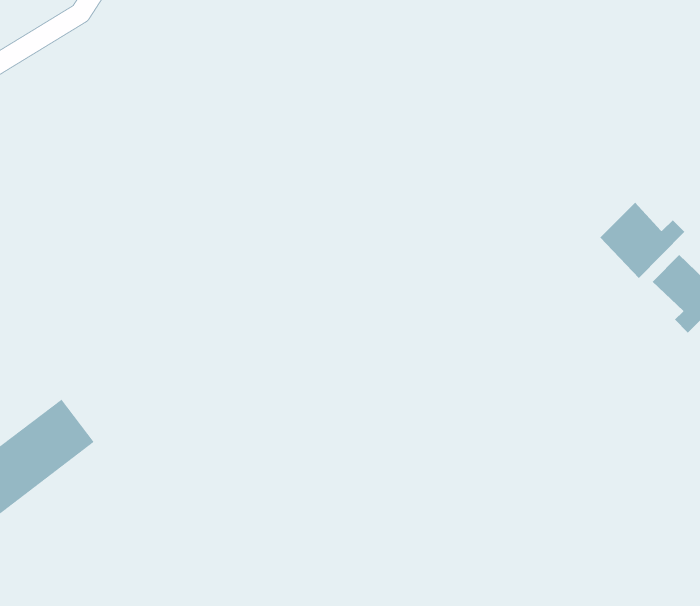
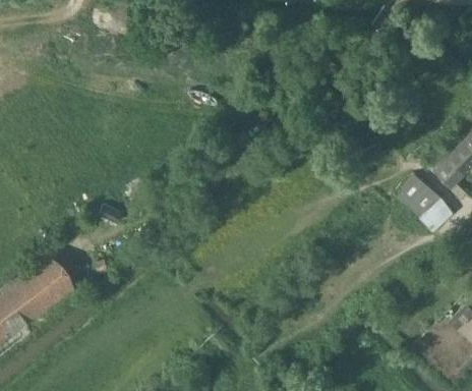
building: [600,202,685,279] -> none

